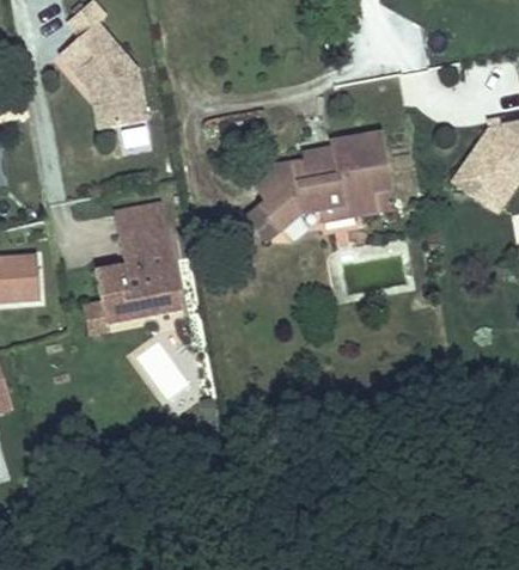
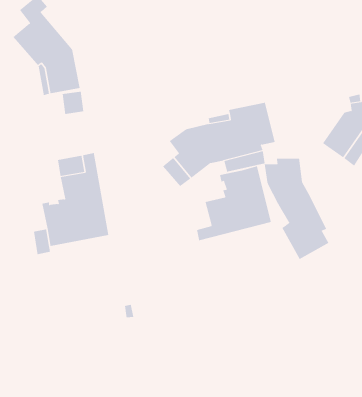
building: none -> [264,158,329,260]
building: none -> [196,165,272,241]

